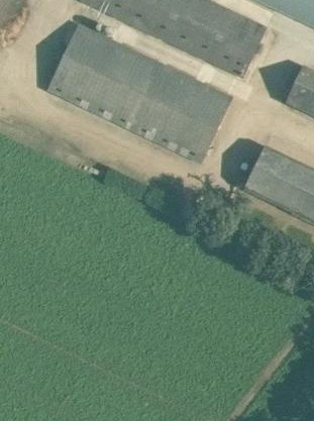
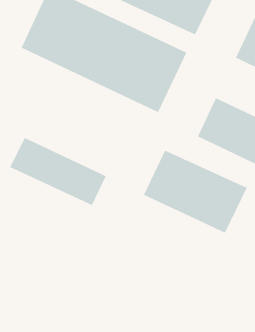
building: none -> [9,137,106,206]
building: none -> [143,150,247,234]

